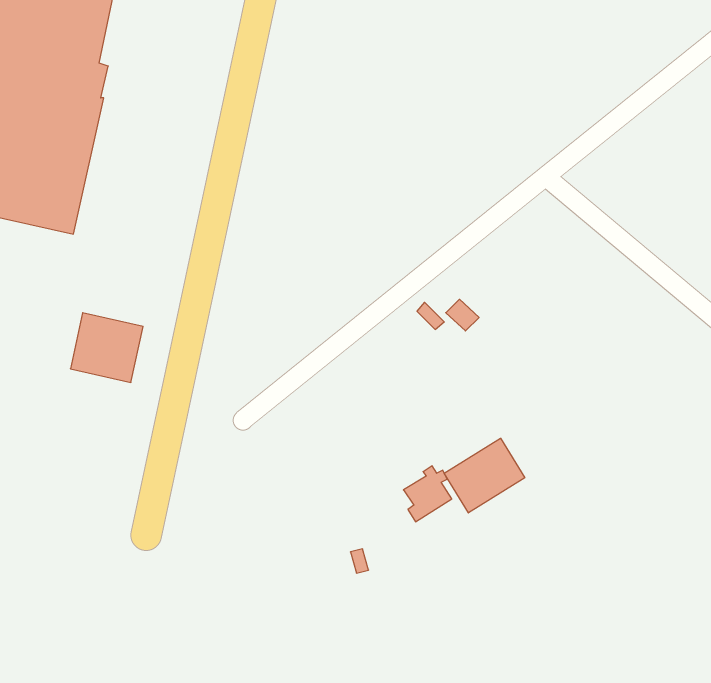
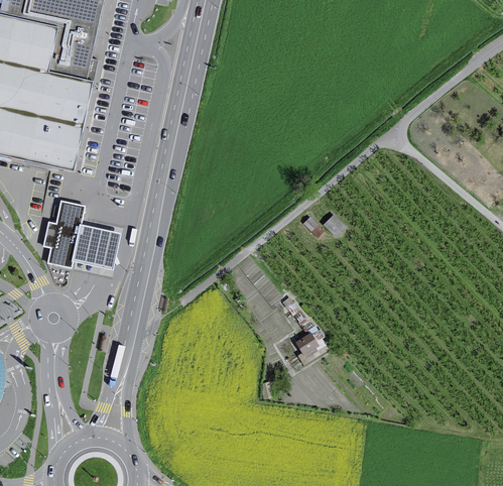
building: none -> [42,199,84,265]
building: [444,438,525,513] -> none

